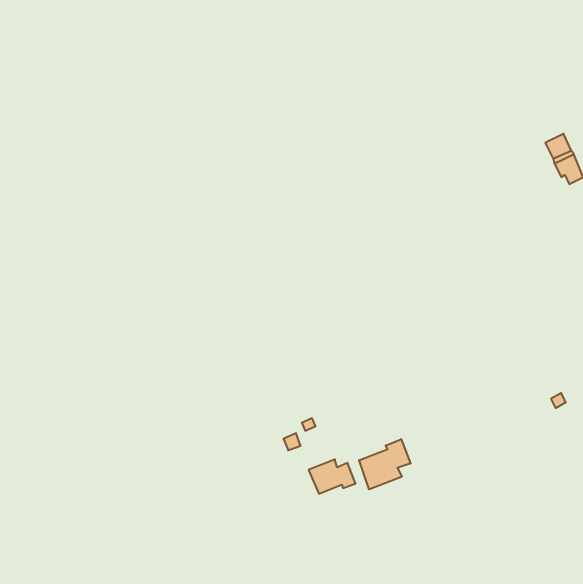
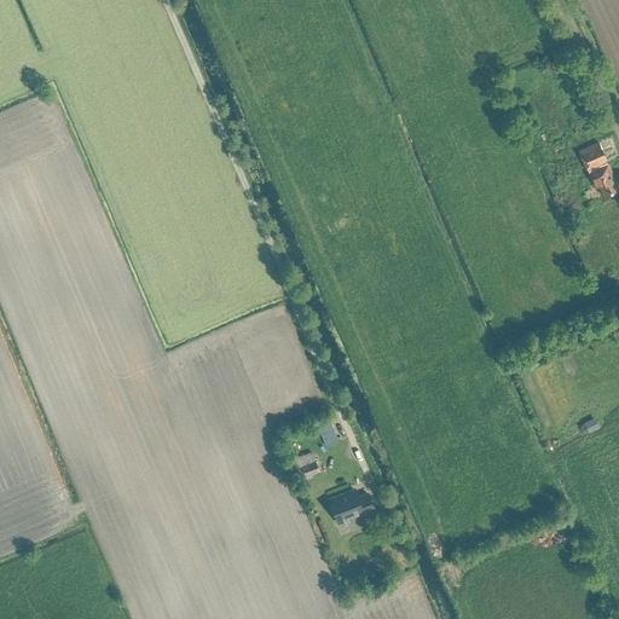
building: [359,439,411,489] -> none

